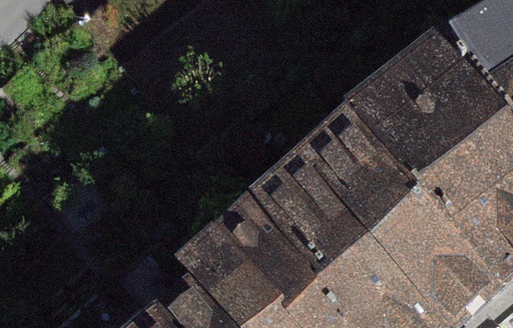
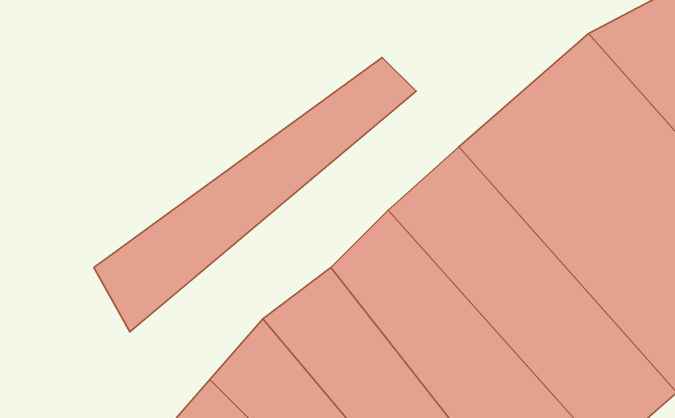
building: none -> [94,57,416,332]

